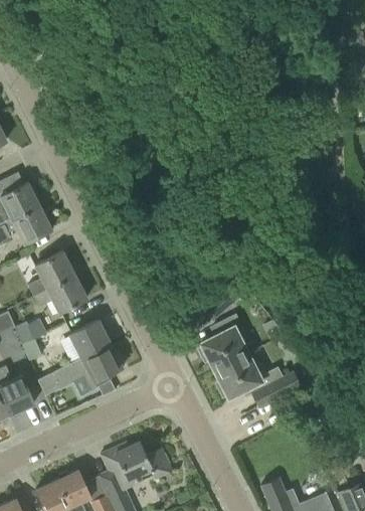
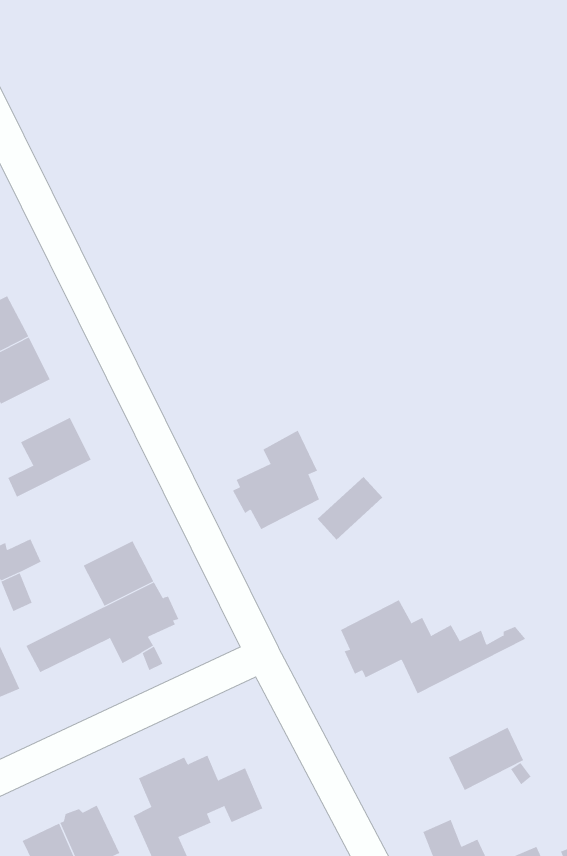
building: [33,275,87,312] -> none
building: [199,314,248,370] -> [232,430,320,530]
building: none -> [448,727,524,791]

